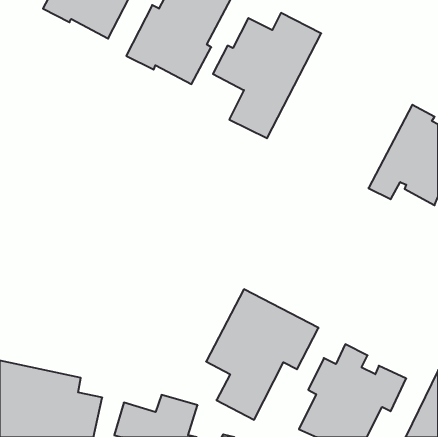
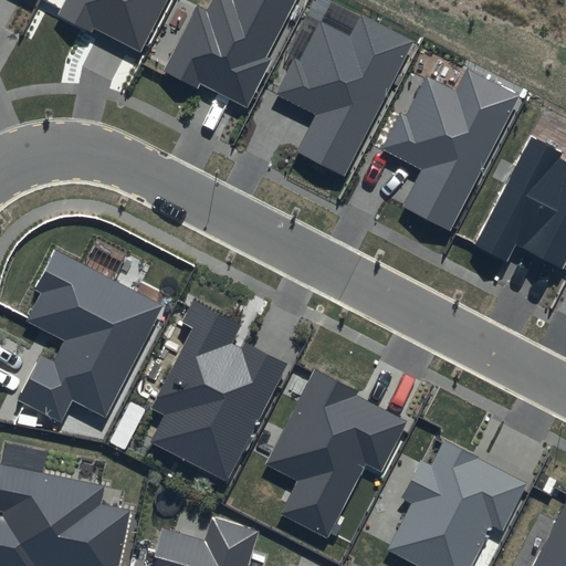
building: none -> [382,69,523,231]
building: none -> [17,249,166,423]
building: none -> [150,301,290,485]

